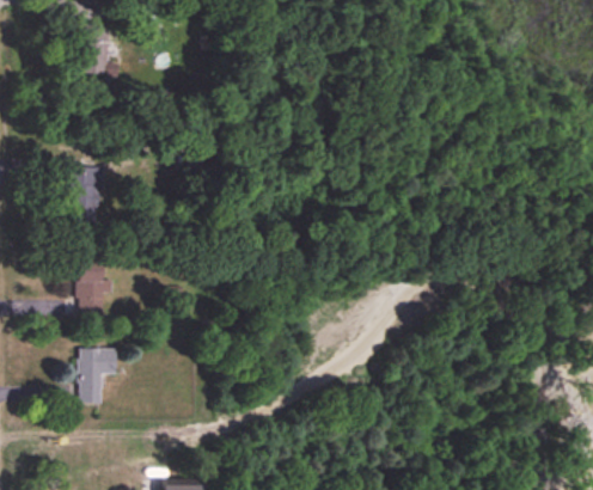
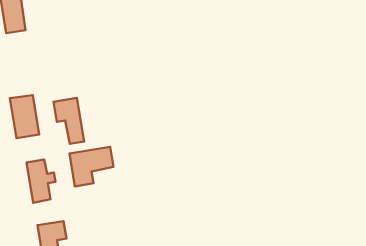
building: none -> [53,98,84,144]
building: none -> [69,147,114,186]

